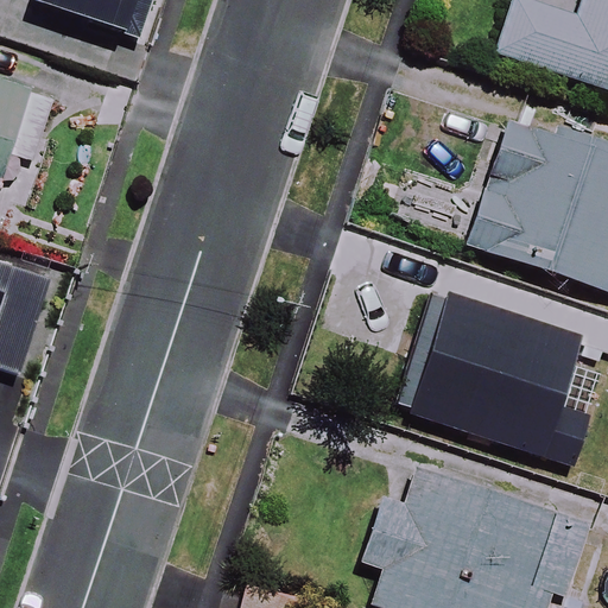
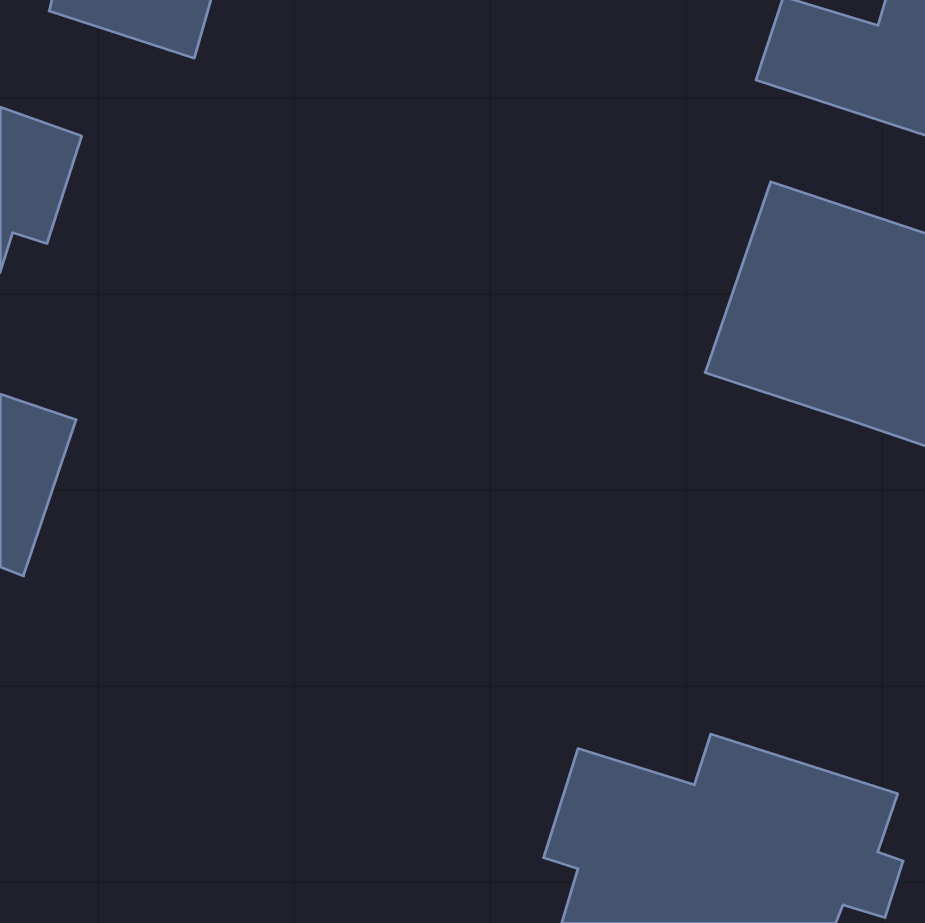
building: [405,291,597,457] -> none

